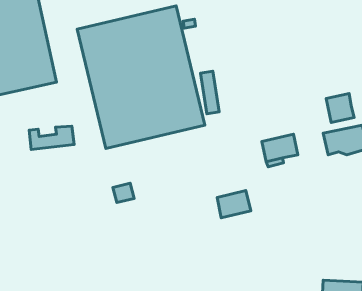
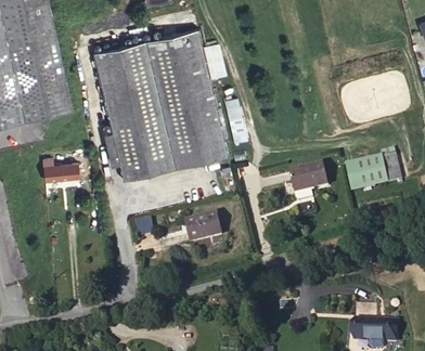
building: [326,93,354,123] -> none
building: [217,190,251,218] -> [185,214,221,244]

